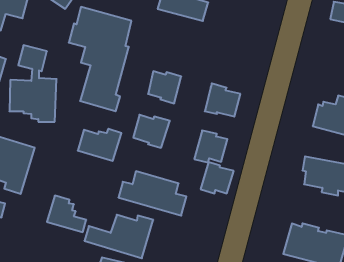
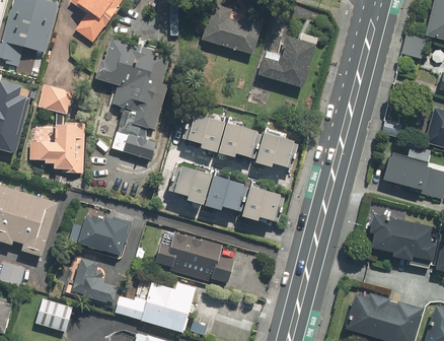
building: none -> [257,37,317,88]
building: none -> [220,121,262,158]
building: [78,129,121,161] -> [79,218,130,256]
building: [201,162,234,193] -> [207,174,245,210]
building: none -> [34,299,73,332]

